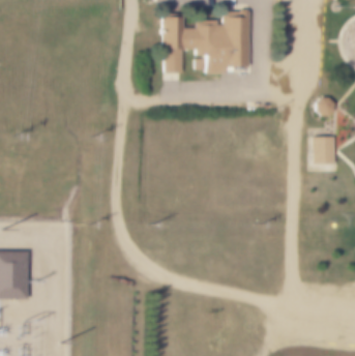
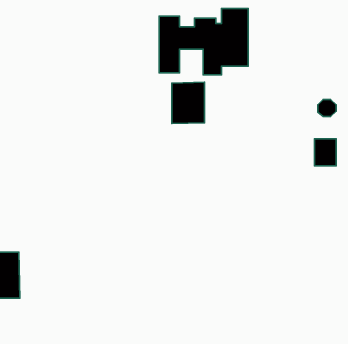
building: none -> [172,82,205,123]

